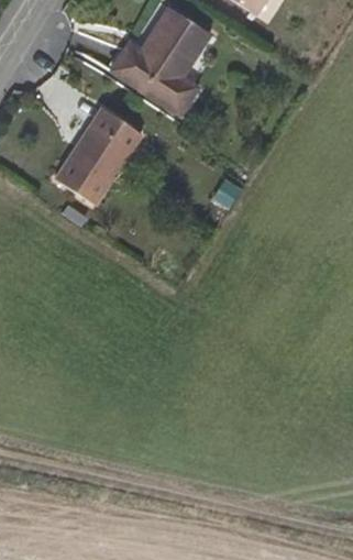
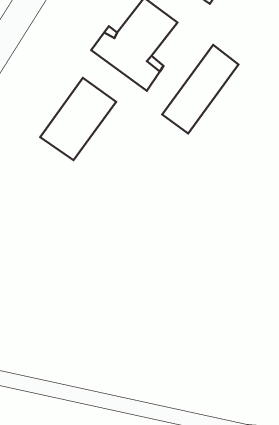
building: none -> [162,45,238,133]

